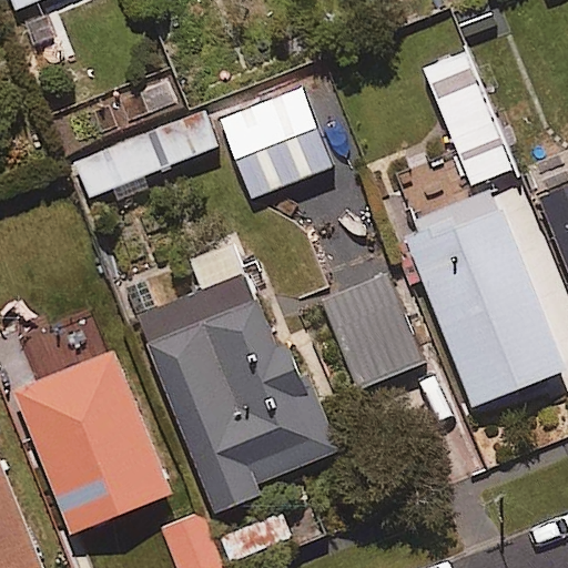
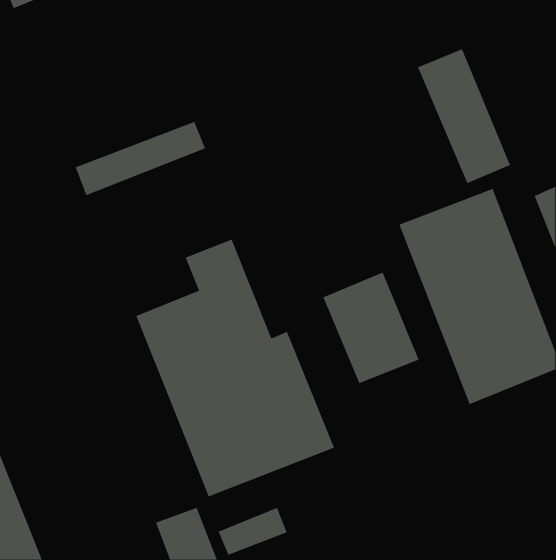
building: [221,89,332,197] -> none
building: [12,351,174,537] -> none

